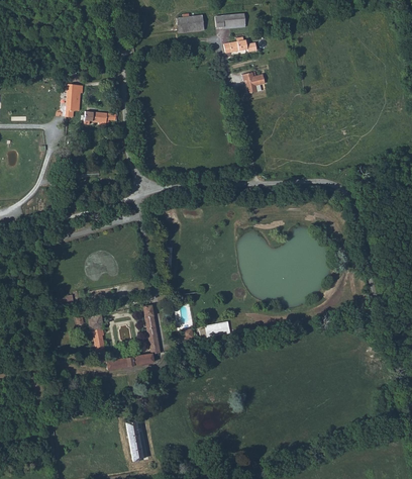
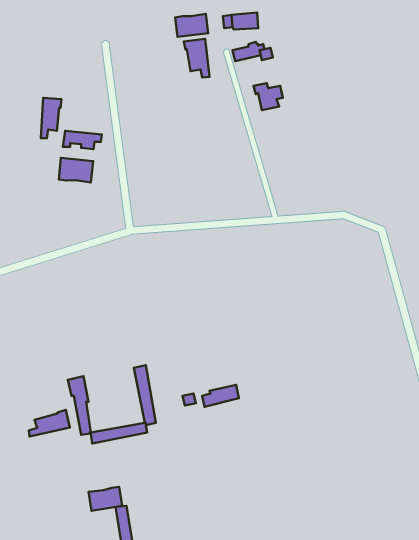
building: none -> [184,39,210,77]
building: none -> [59,158,93,183]
building: none -> [29,410,70,437]
building: none -> [89,487,122,511]

